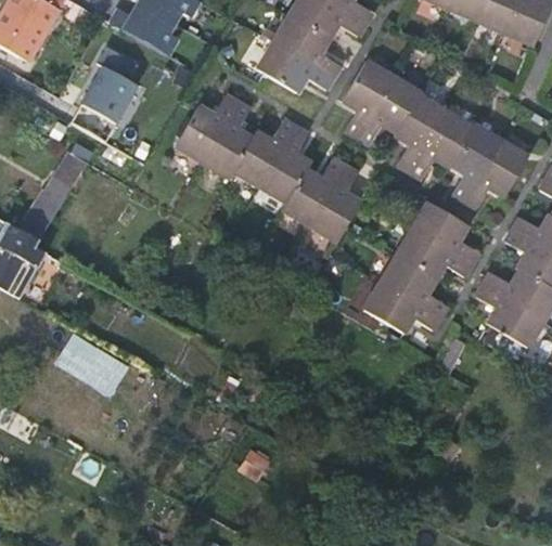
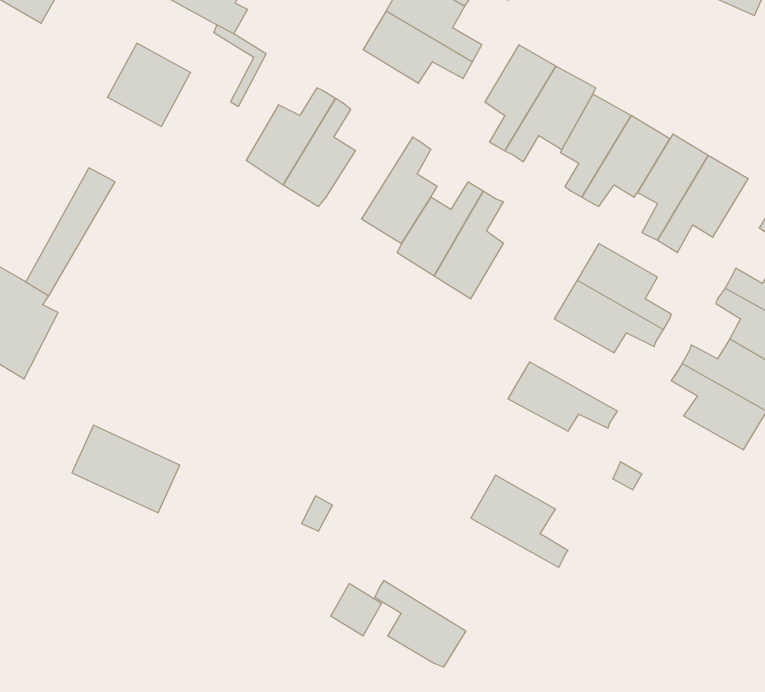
building: [234,120,295,185] -> none
building: [377,256,446,321] -> [471,475,568,568]
building: none -> [375,580,466,667]

